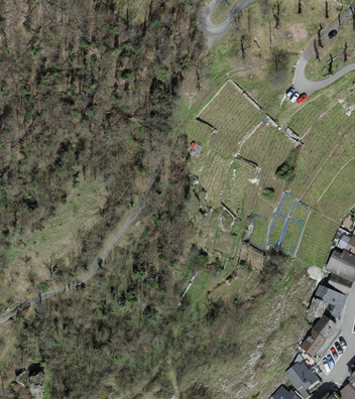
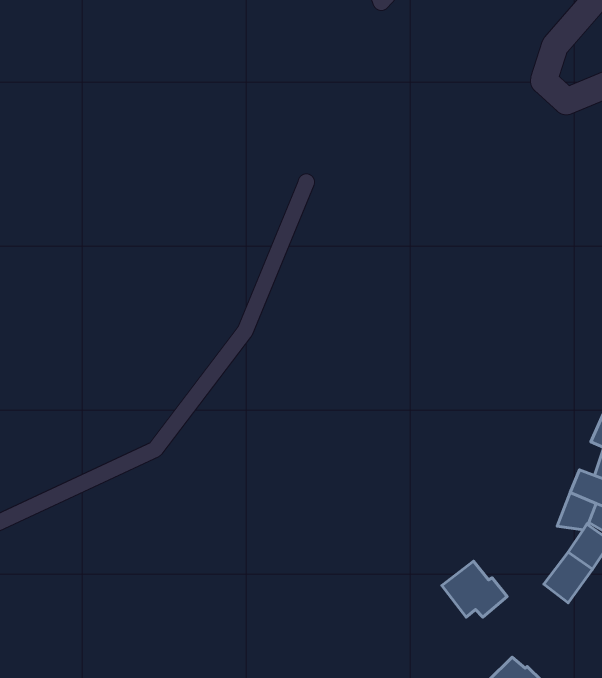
building: [284,360,320,390] -> [442,561,507,617]

